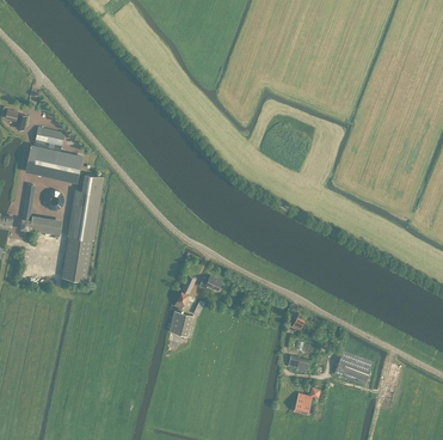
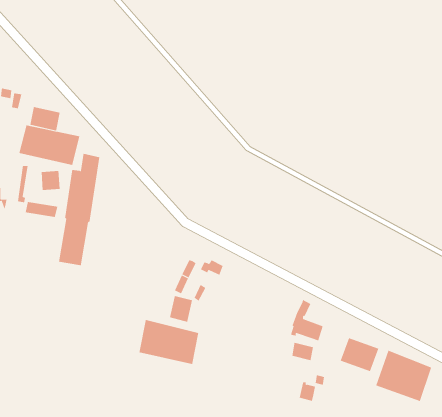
building: none -> [139,319,199,365]
building: none -> [376,350,432,402]

